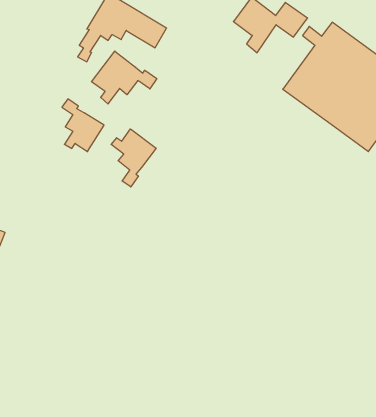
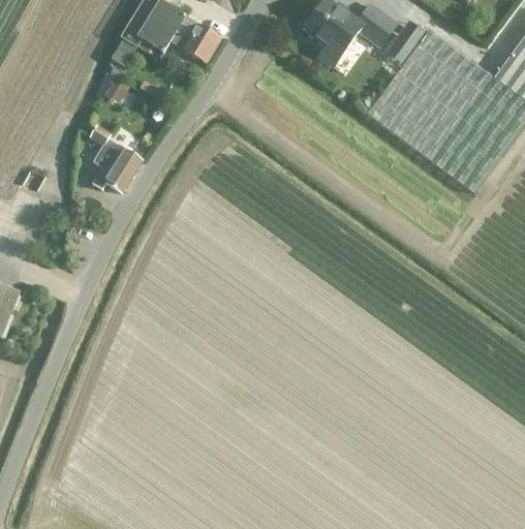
building: [92,51,157,104] -> none
building: [111,129,156,187] -> none

